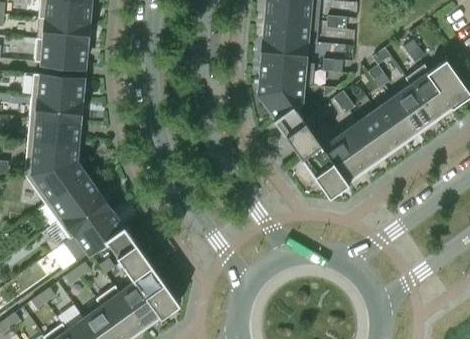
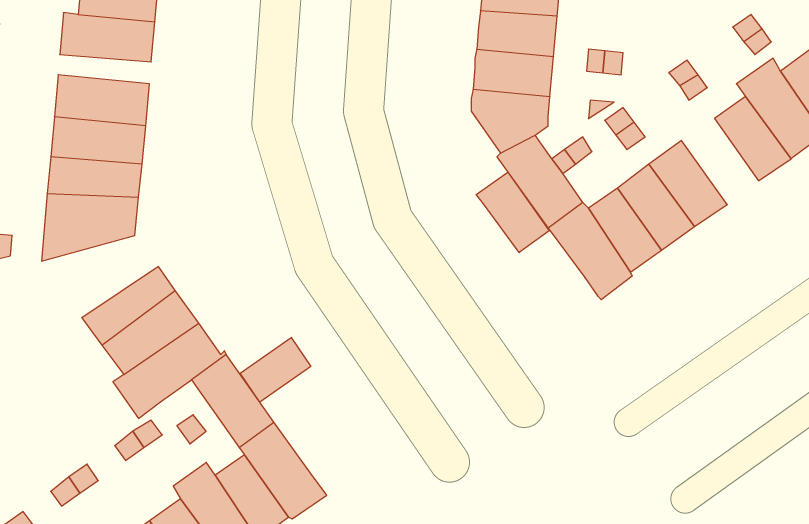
building: [375,97,417,144] -> none
building: none -> [476,172,549,253]
building: [25,161,89,206] -> none
building: none -> [240,337,311,402]

